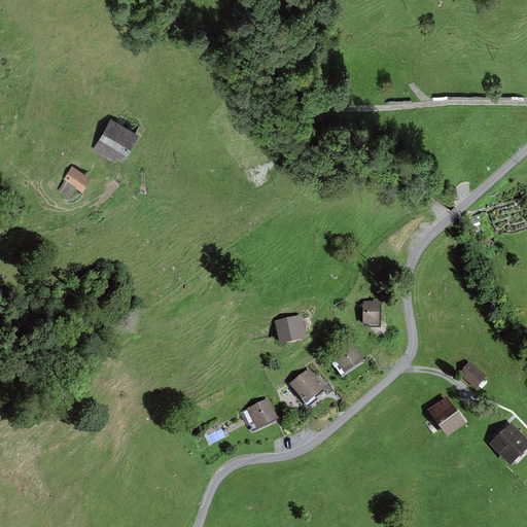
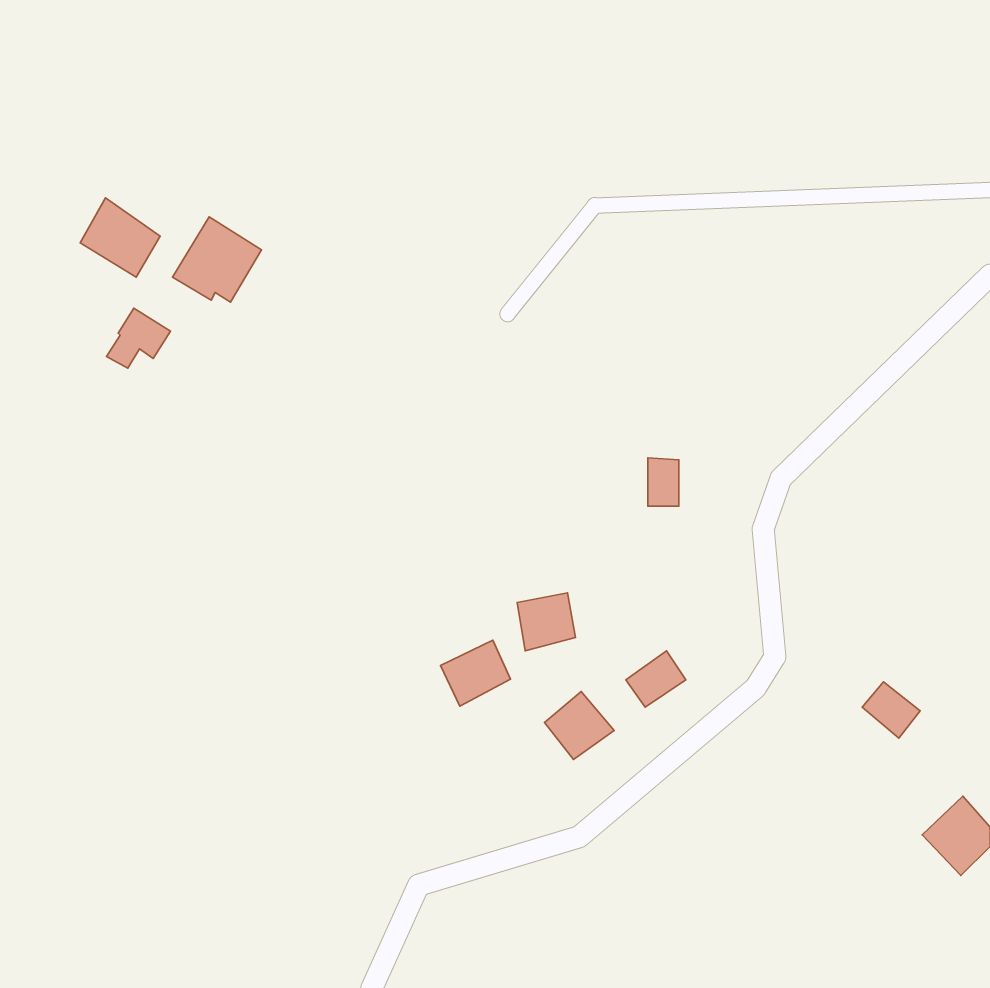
building: none -> [80,198,160,277]
building: [362,300,379,325] -> [648,458,679,506]
building: [427,396,465,436] -> none
building: [241,397,278,432] -> [441,640,510,706]

